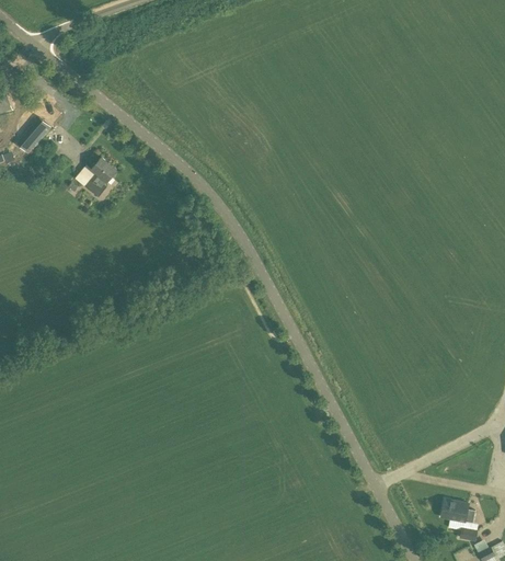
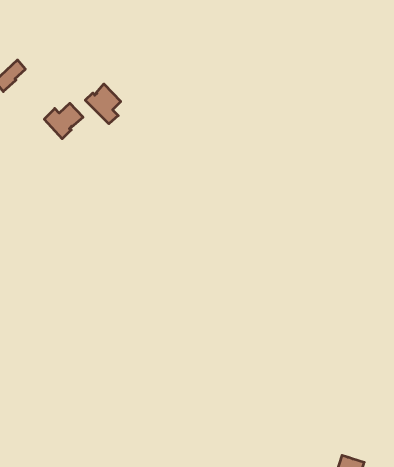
building: none -> [85,84,121,124]

